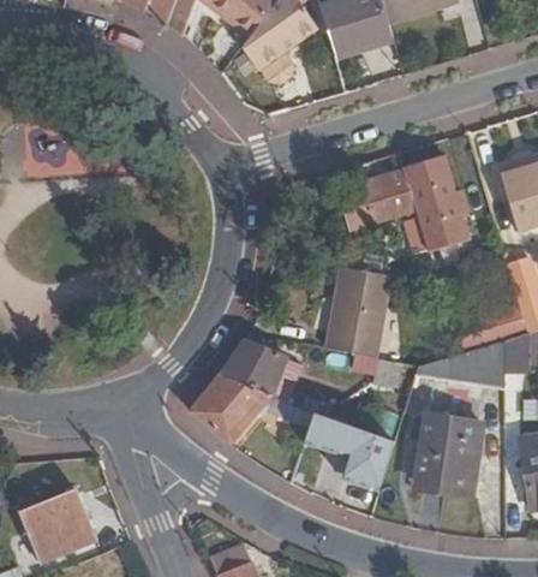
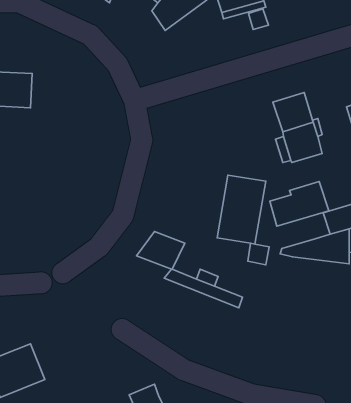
building: [336,168,416,228] -> [270,181,329,226]
building: [189,374,267,441] -> none
building: [416,414,482,494] -> none
building: [346,429,390,487] -> none

